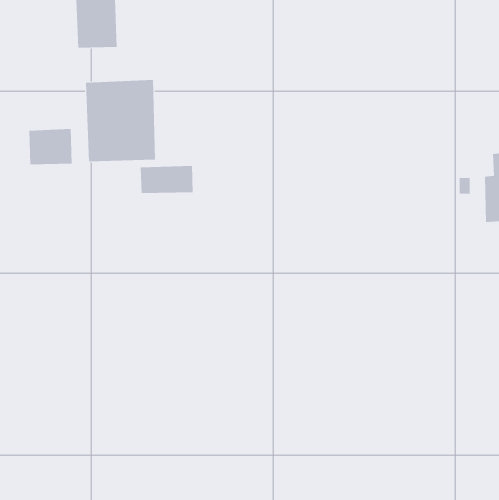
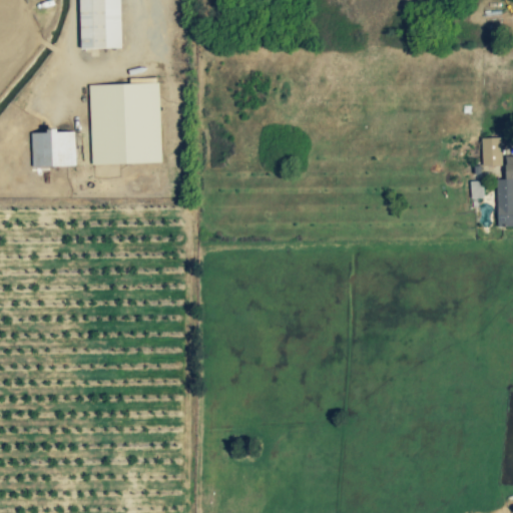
building: none -> [482,138,502,167]
building: [140,165,193,194] -> none

